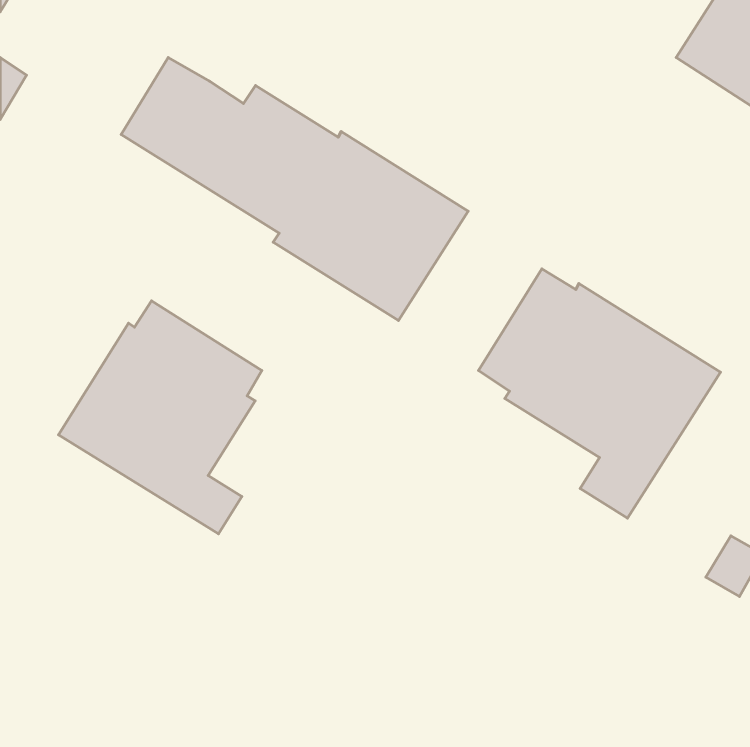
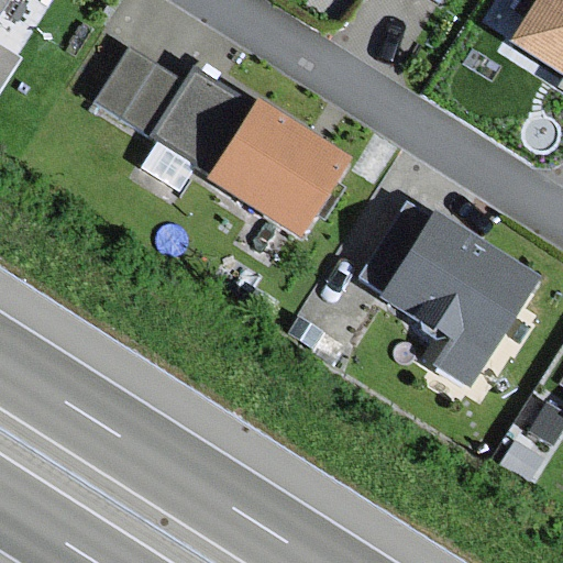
building: [58,301,262,534] -> none

